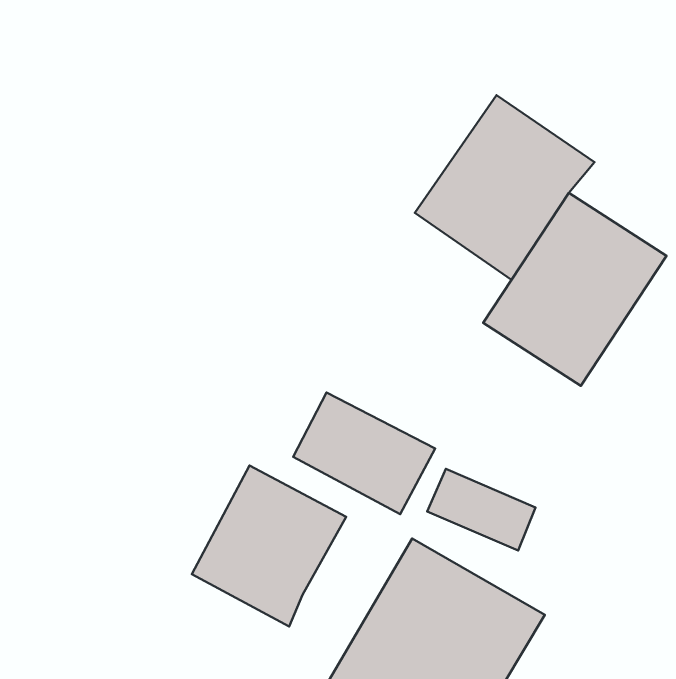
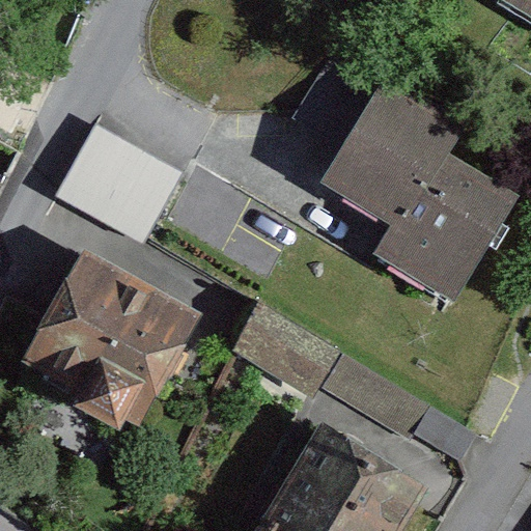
building: none -> [54,131,175,245]
building: none -> [23,250,203,426]
building: [192,466,346,626] -> none

